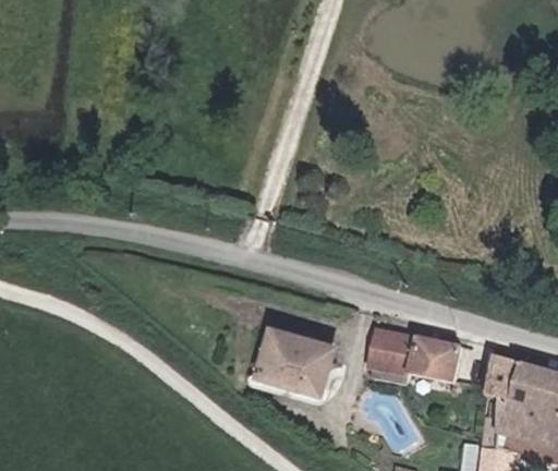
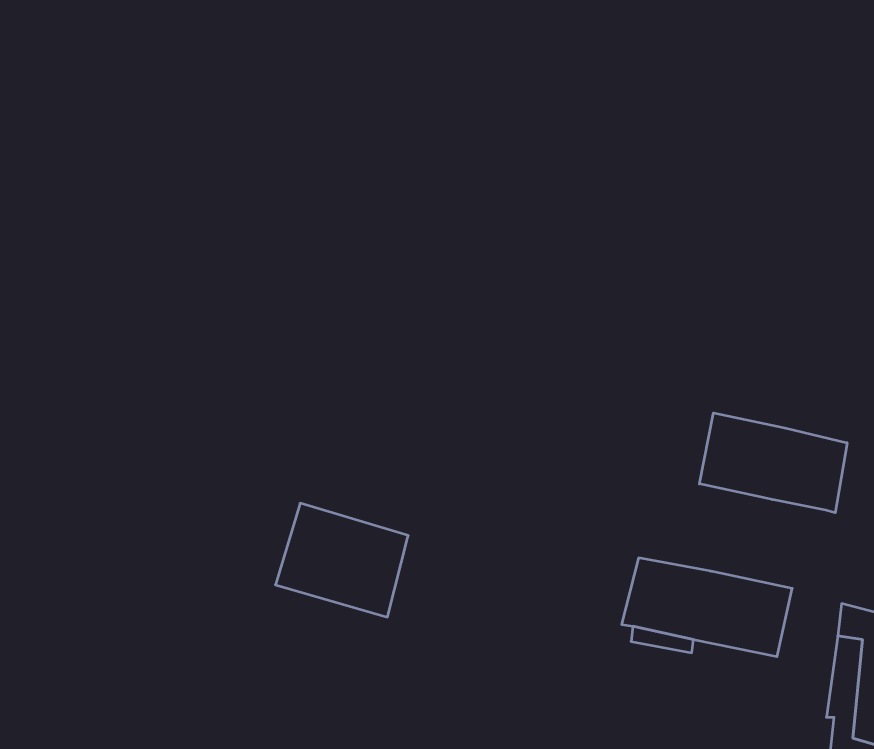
building: none -> [699,413,847,513]
building: [254,325,330,390] -> [275,503,408,617]

